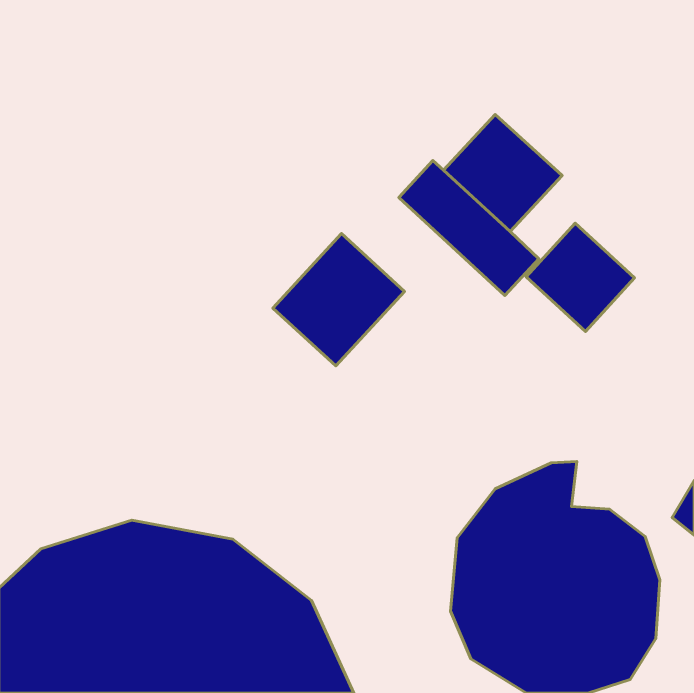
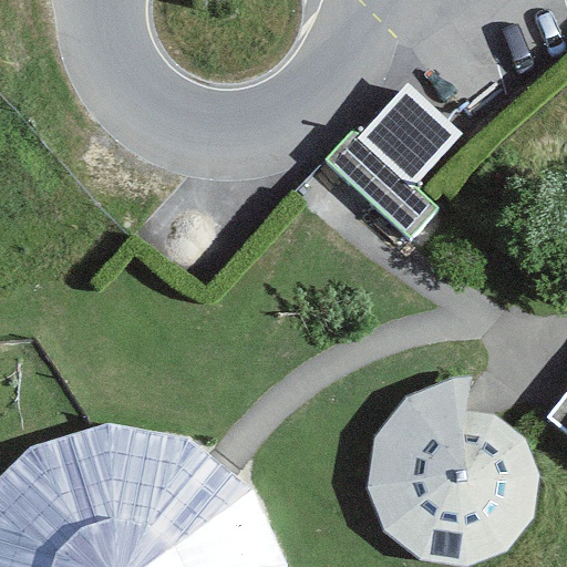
building: [526,223,634,331] -> none
building: [273,234,405,366] -> none

